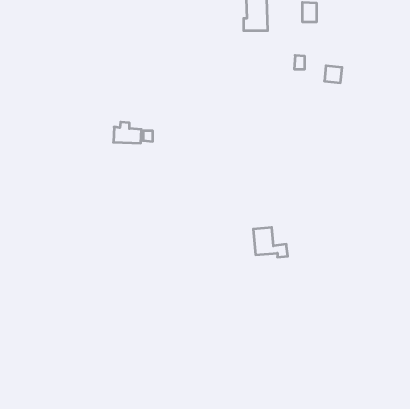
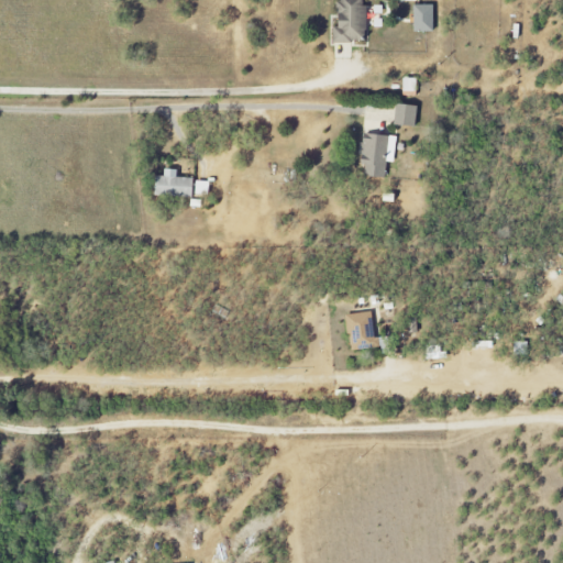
building: [324,66,342,83] -> [394,102,418,125]
building: none -> [357,132,395,176]

